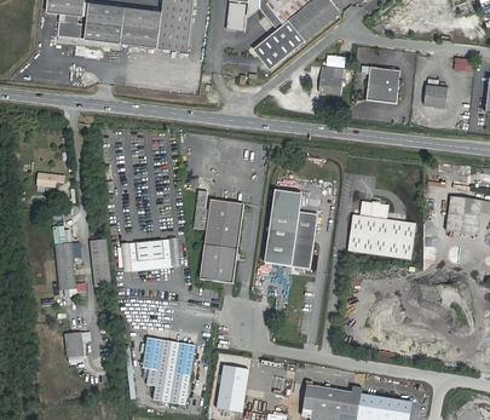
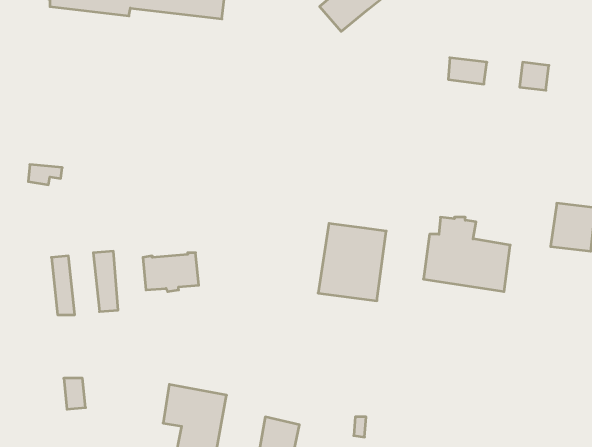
building: [321,62,345,91] -> none
building: [194,189,244,280] -> none
building: [272,190,302,213] -> none

